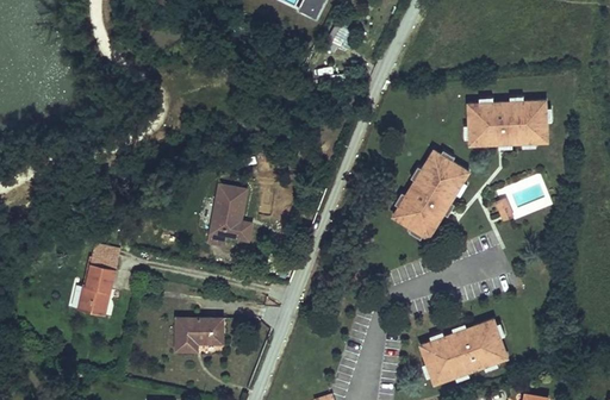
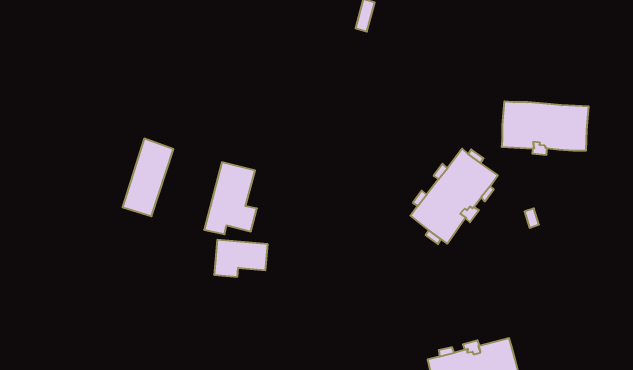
building: [79,245,120,315] -> [122,139,173,216]
building: [178,315,224,348] -> [214,240,268,277]

